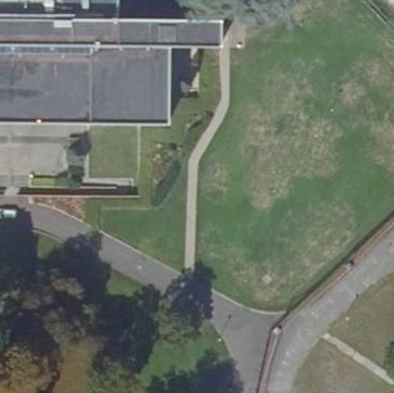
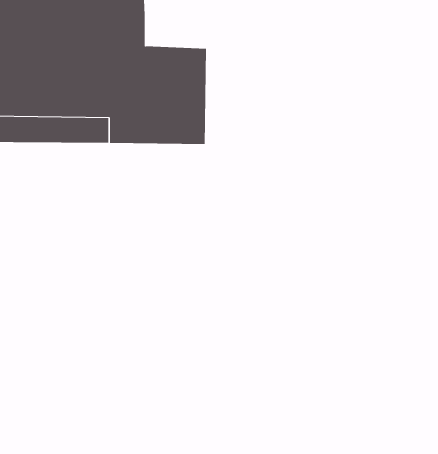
building: [131,17,233,46] -> none

